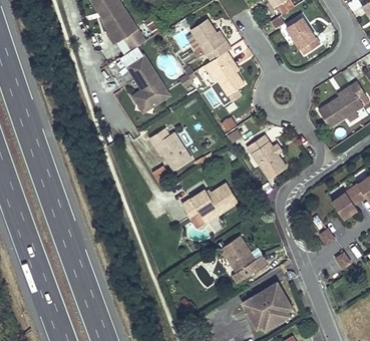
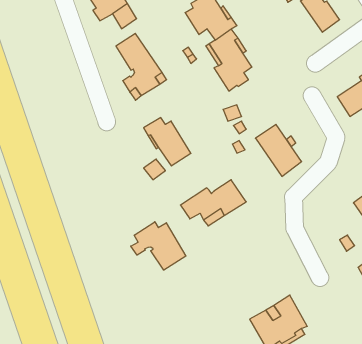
building: none -> [131,222,186,270]
building: [221,236,268,283] -> none

